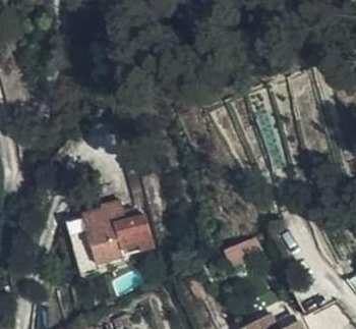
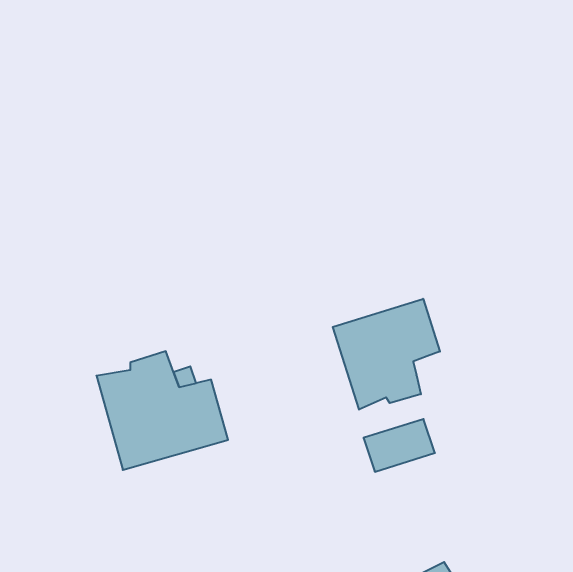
building: none -> [333,299,440,410]

